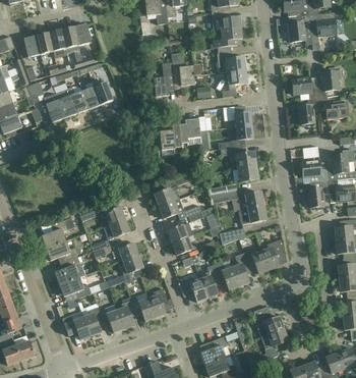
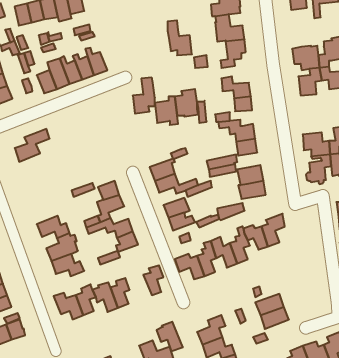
building: [153,61,174,96] -> [133,78,155,114]
building: [41,216,74,248] -> [15,129,50,162]
building: [130,291,156,320] -> [157,322,183,351]

